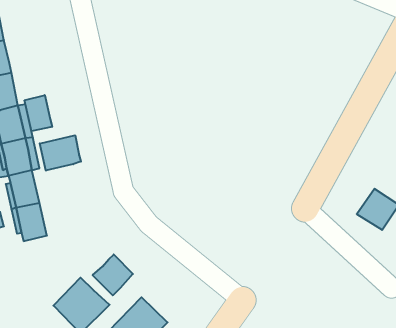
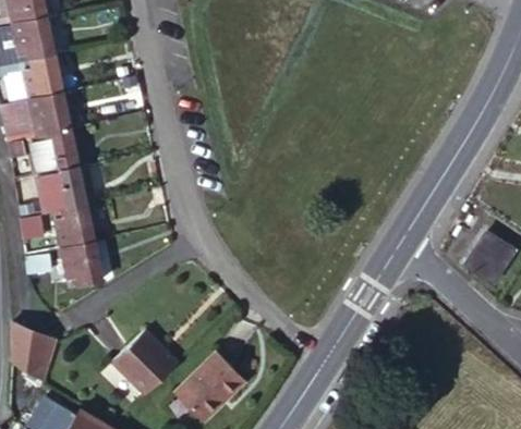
building: [25,95,52,131] -> none
building: [40,135,81,171] -> none
building: [93,254,133,295] -> none

